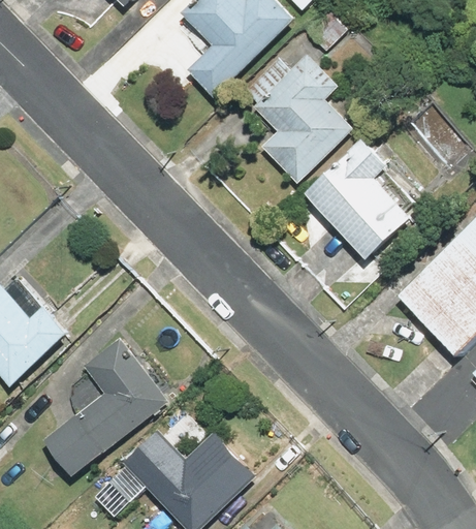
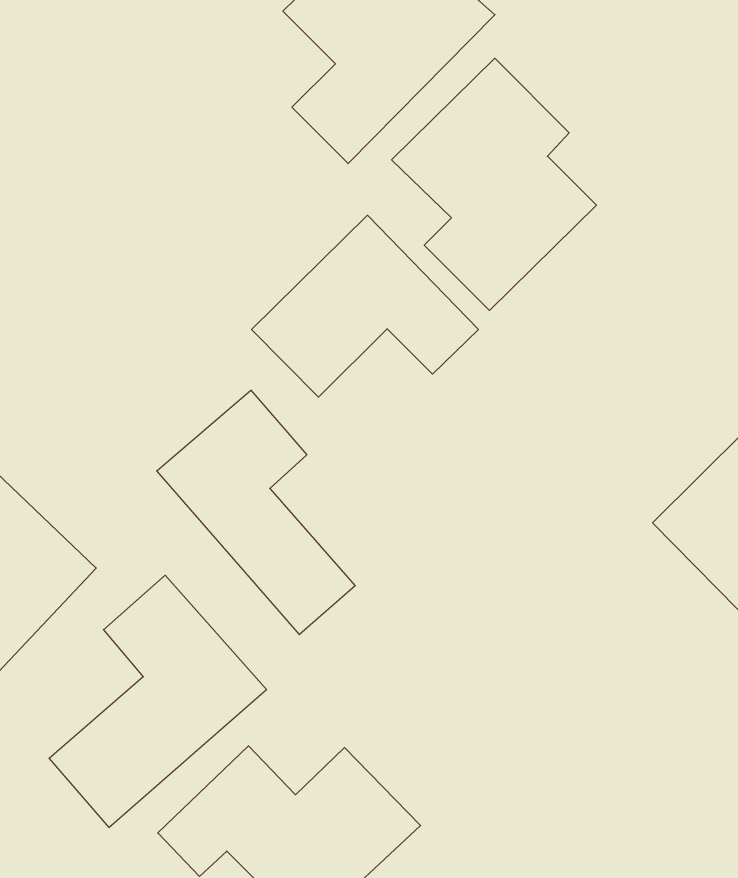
building: none -> [252,215,478,397]
building: [305,139,424,259] -> none
building: none -> [157,390,355,635]

